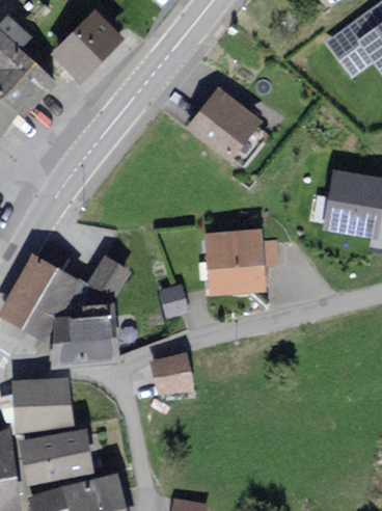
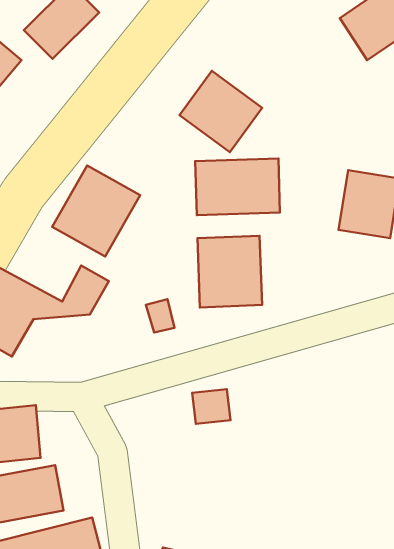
building: none -> [195,158,280,215]
building: none -> [52,165,140,257]
building: [60,303,112,359] -> none
building: [156,358,189,388] -> [192,389,230,424]

